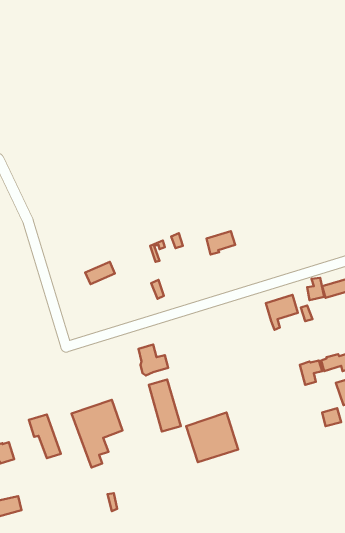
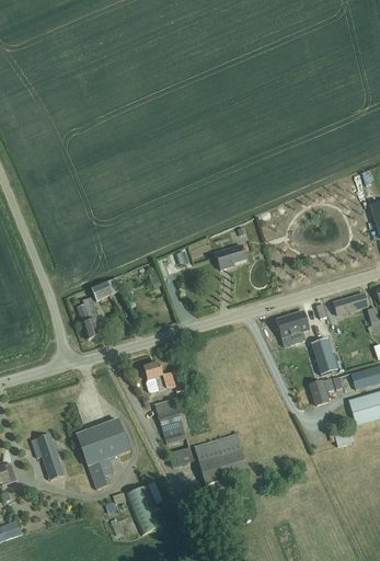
building: none -> [77,296,99,337]
building: none -> [311,339,337,375]
building: none -> [123,484,161,535]

